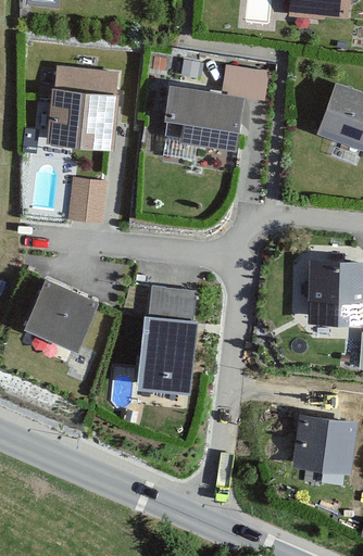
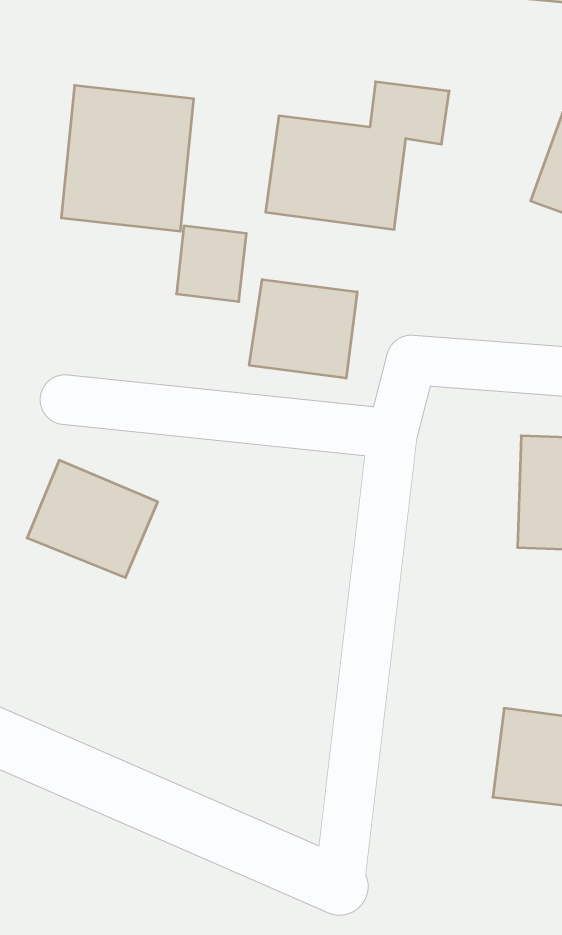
building: none -> [249,279,357,378]
building: [63,178,103,222] -> [176,226,246,302]
building: [135,280,203,393] -> none

